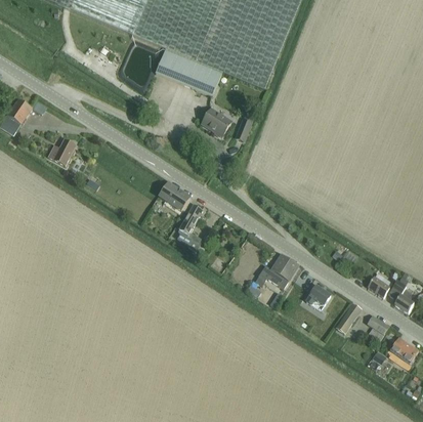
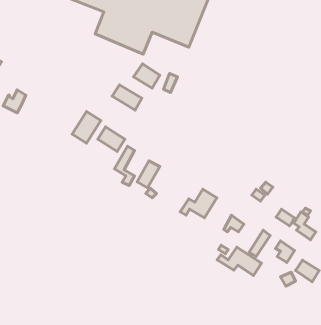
building: none -> [112,85,142,110]
building: none -> [72,112,101,143]
building: none -> [137,161,160,188]
building: none -> [217,247,262,276]

